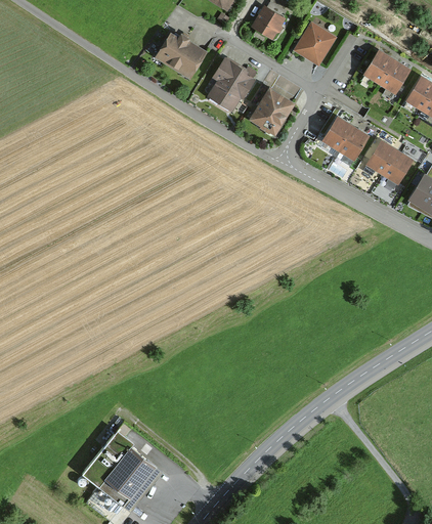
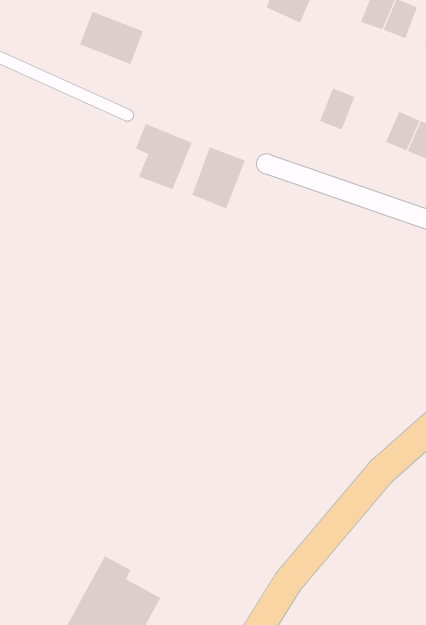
building: [214,58,257,110] -> [135,123,193,190]
building: [254,90,297,137] -> [191,146,246,209]
building: [337,126,365,157] -> none

